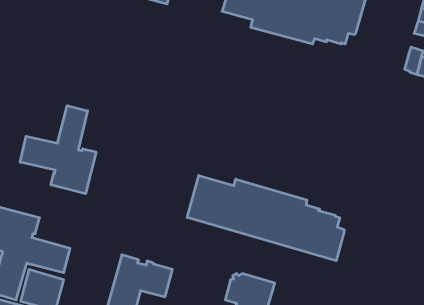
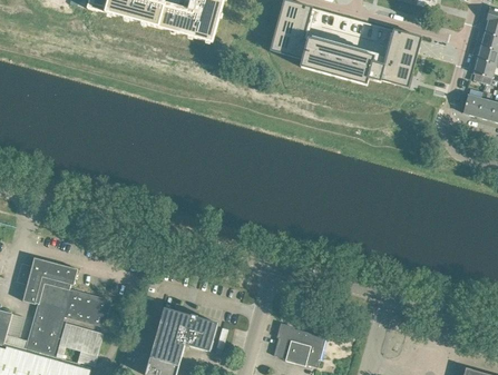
building: [20,106,96,194] -> none
building: [187,175,344,261] -> none

